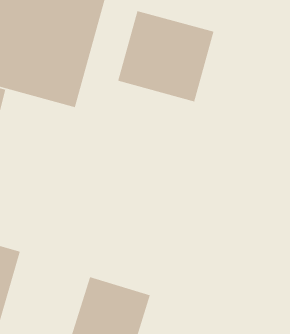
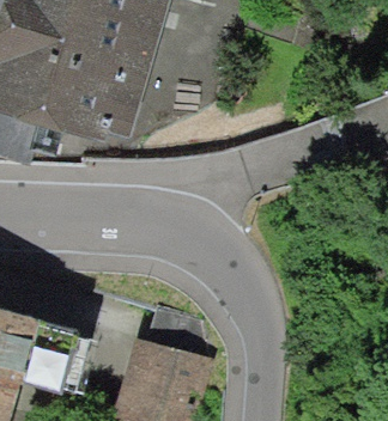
building: [117,10,214,102] -> none

